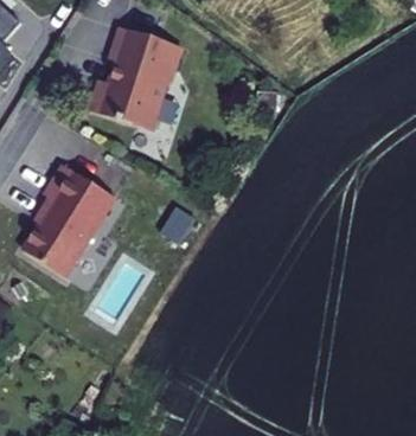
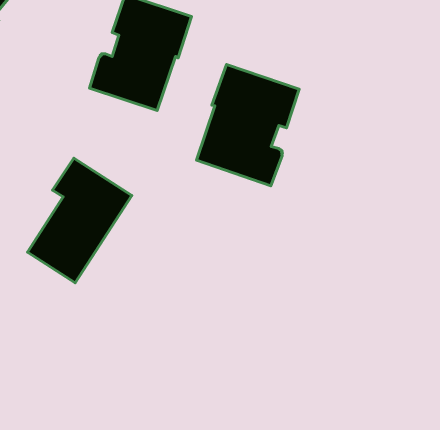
building: none -> [197,64,299,186]

